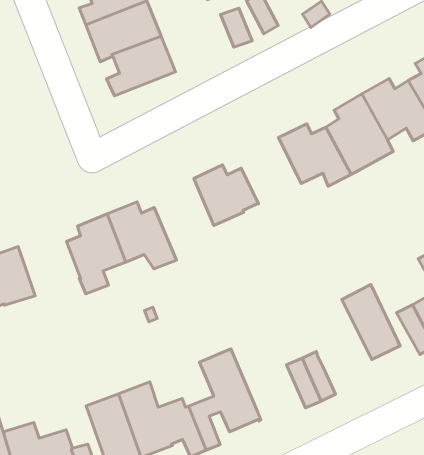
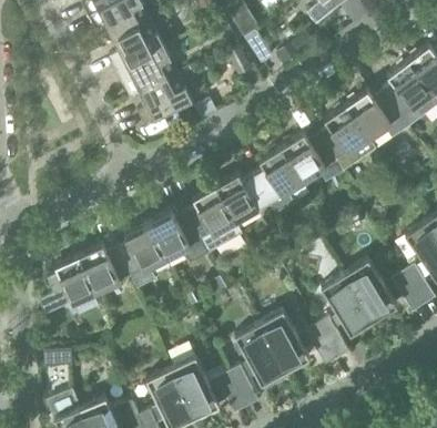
building: none -> [253,146,303,213]
building: none -> [185,186,242,254]
building: none -> [78,244,131,294]
building: none -> [321,273,374,335]
building: none -> [258,309,308,370]

